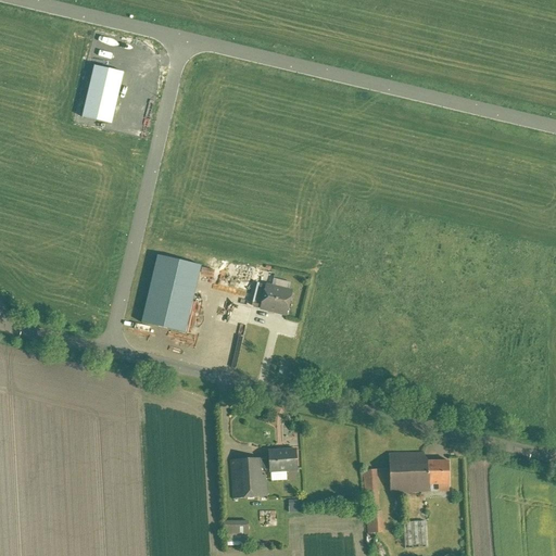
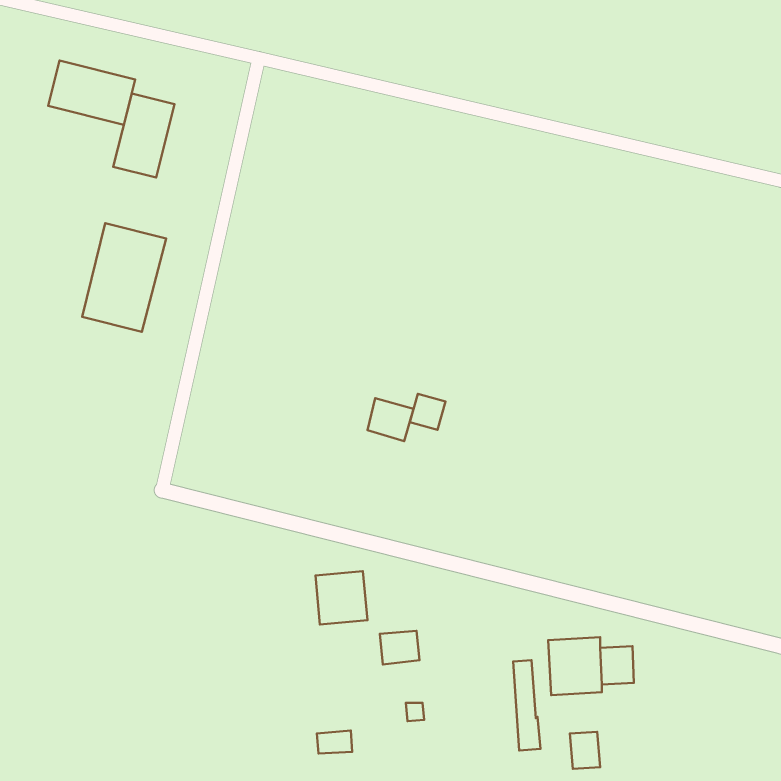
building: none -> [48,61,135,125]
building: [139,255,199,332] -> [82,223,166,332]
building: none -> [410,394,446,430]
building: [230,456,267,494] -> [315,571,367,625]

